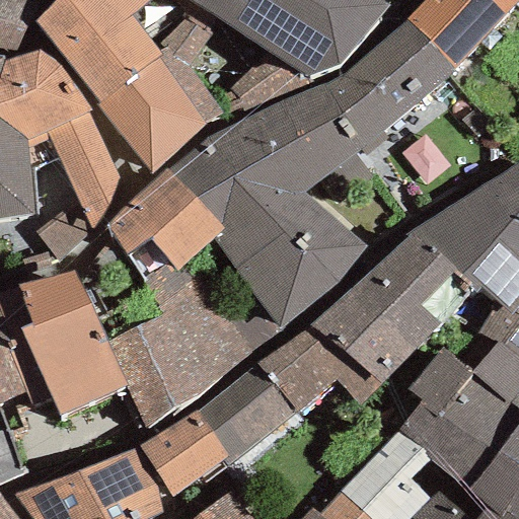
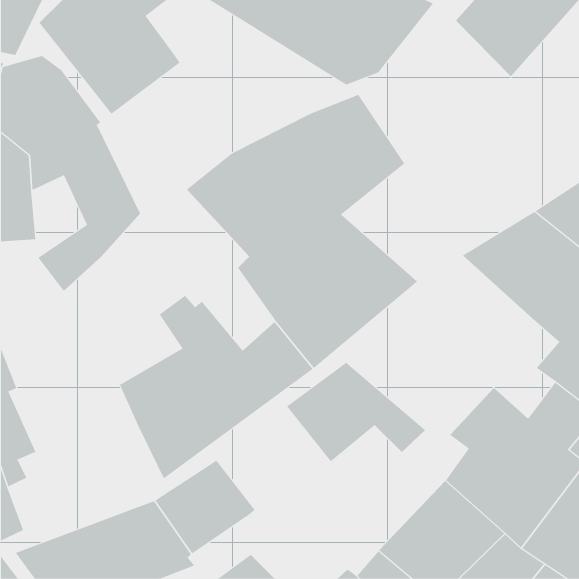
building: [96,14,225,173] -> none
building: [321,18,457,156] -> none
building: [105,169,223,281] -> none
building: [310,228,476,384] -> none
building: [17,270,127,416] -> none
building: [195,363,296,467] -> none

